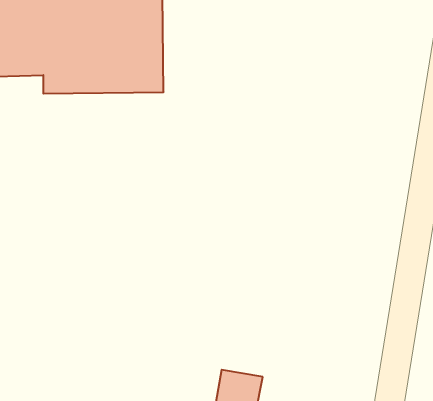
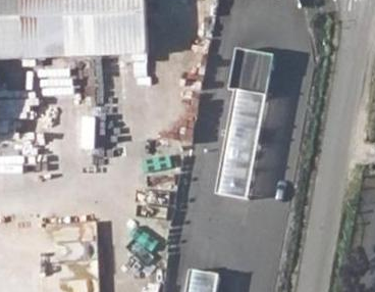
building: none -> [215,56,272,200]

